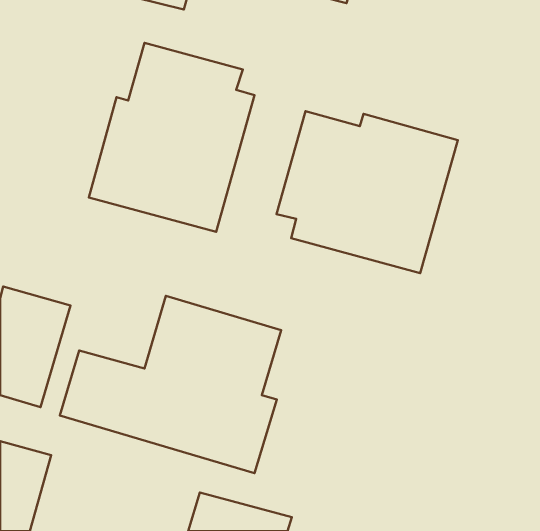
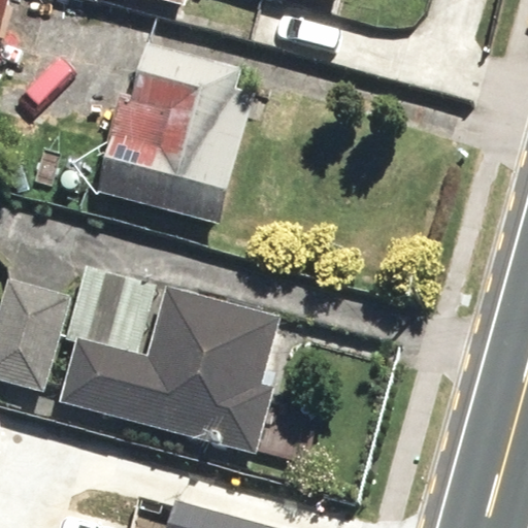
building: [277,111,458,273] -> none

